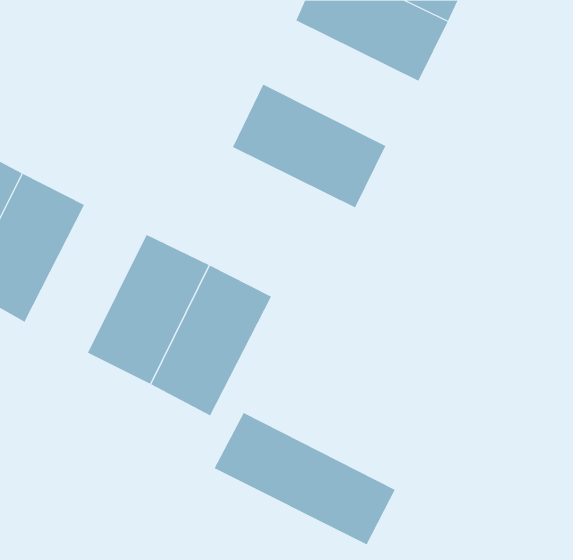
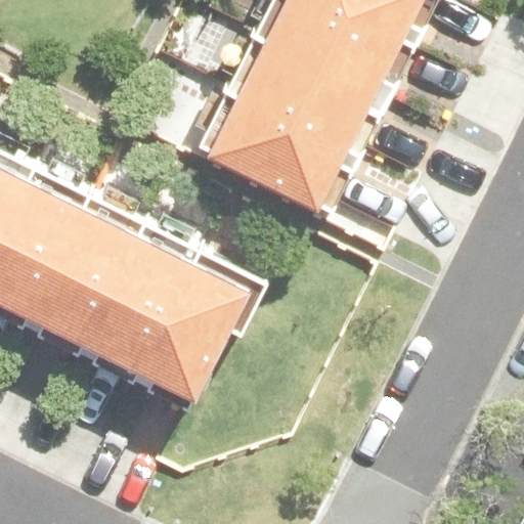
building: none -> [237,35,379,148]
building: none -> [23,202,132,336]
building: [214,412,395,545] -> none

